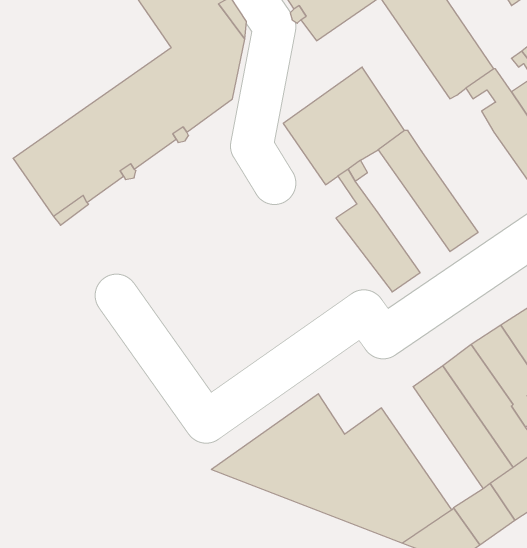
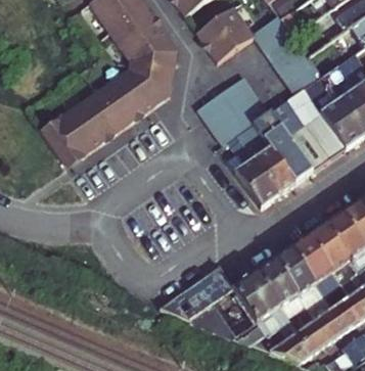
building: none -> [278,111,328,171]
building: none -> [253,147,294,194]
building: none -> [255,261,314,332]

